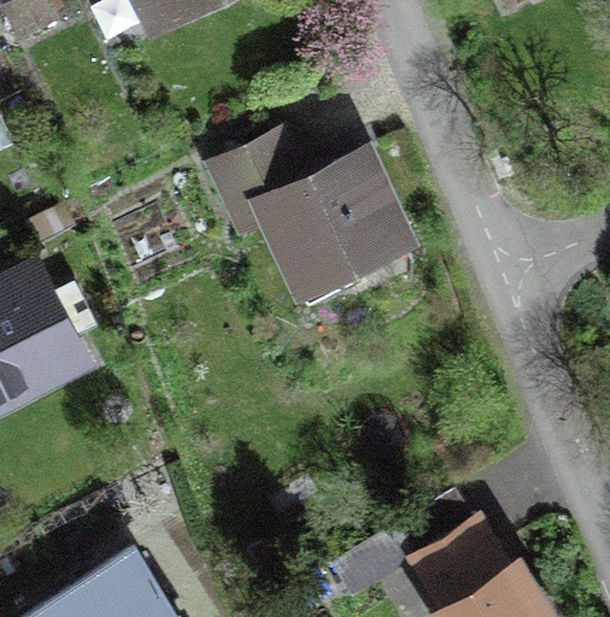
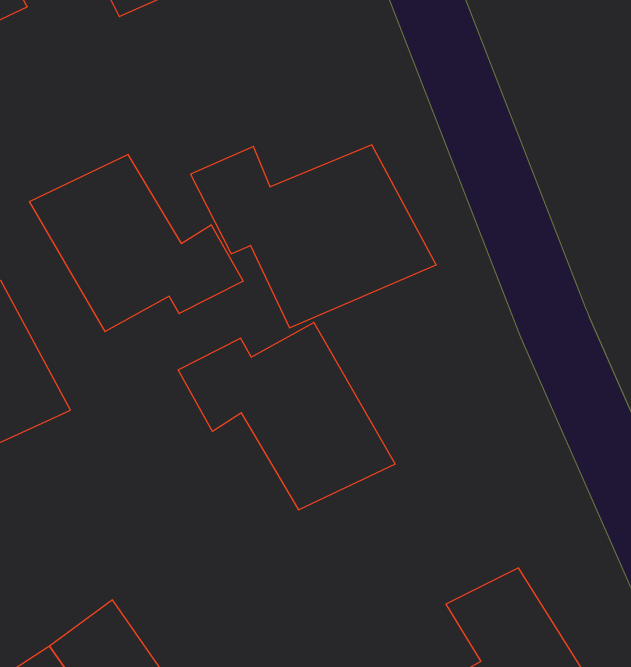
building: none -> [29,154,243,332]
building: none -> [178,322,395,510]

